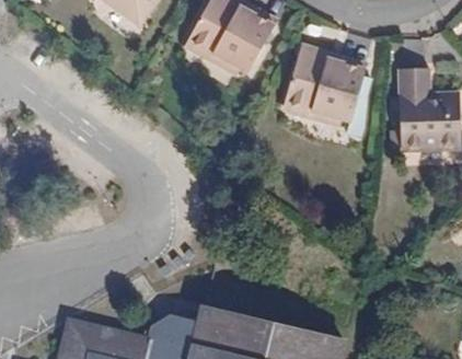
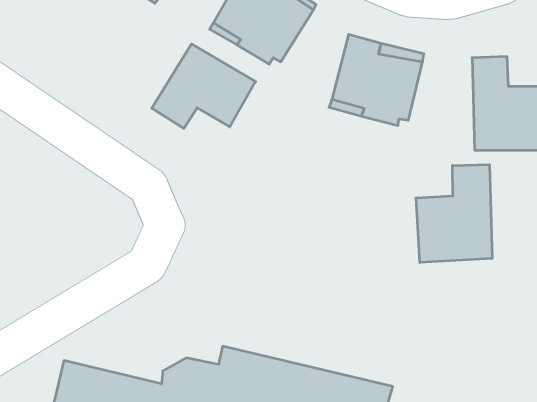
building: none -> [152,44,256,128]
building: none -> [416,165,492,263]

